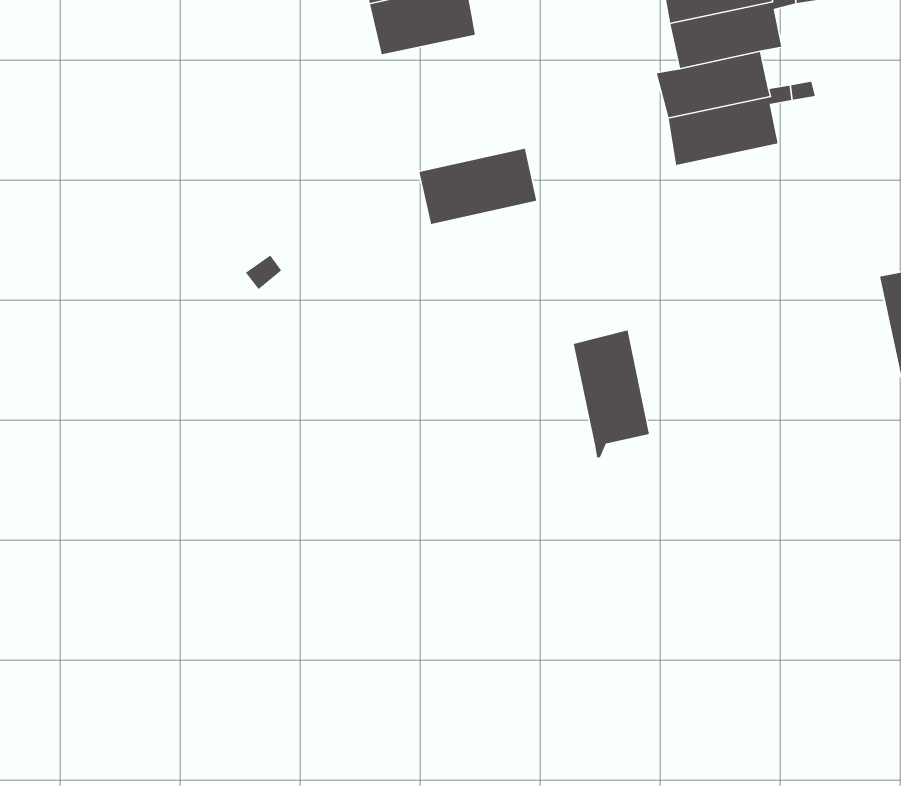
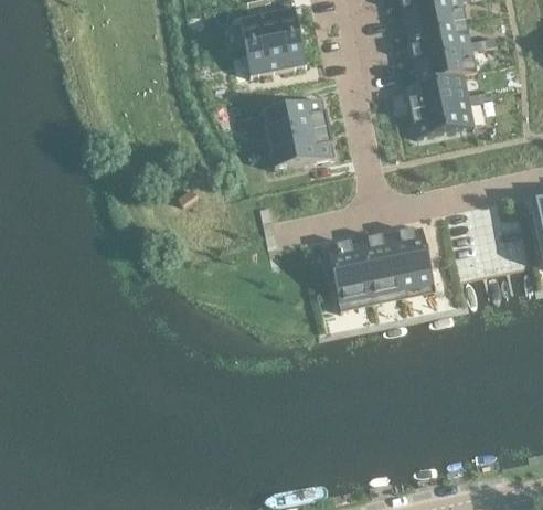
building: none -> [266,102,332,144]
building: none -> [390,225,434,297]
building: none -> [327,240,371,311]

